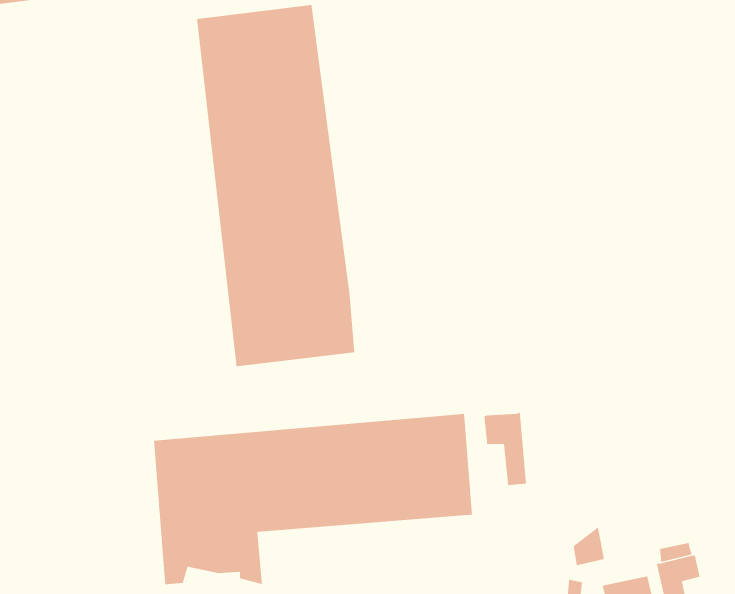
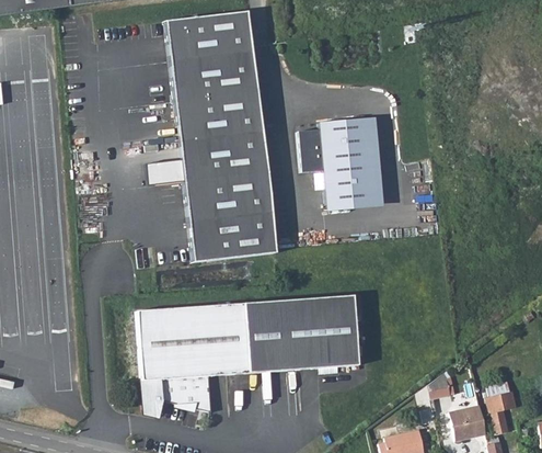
building: none -> [299,114,377,202]
building: [484,411,527,486] -> none

